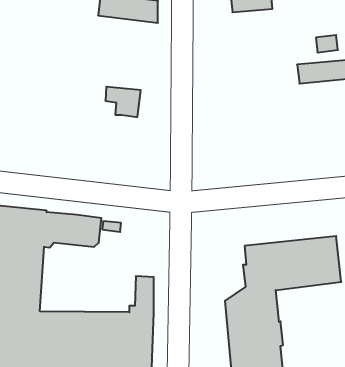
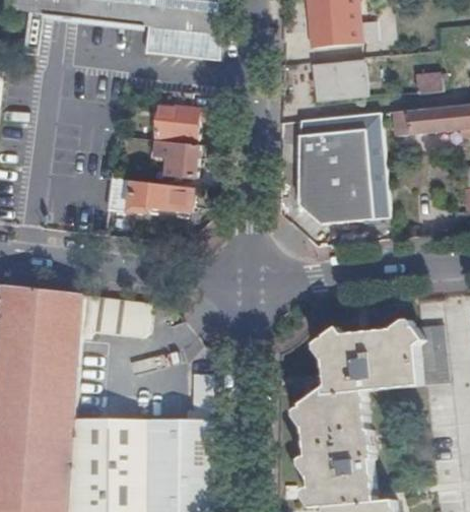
building: none -> [314,62,366,101]
building: none -> [155,88,199,139]
building: none -> [298,113,389,223]
building: none -> [107,179,194,212]

